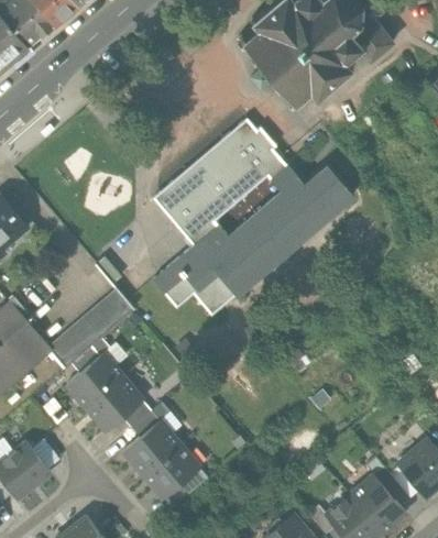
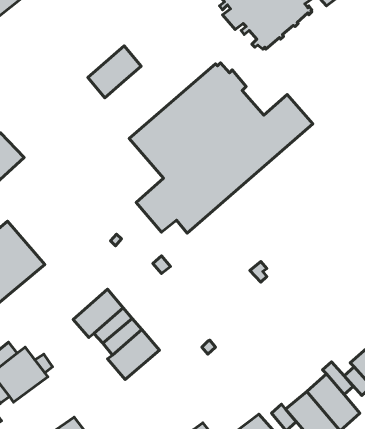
building: none -> [88,46,141,98]
building: [53,295,131,366] -> none
building: [66,355,123,410] -> none
building: [143,444,201,501] -> none

